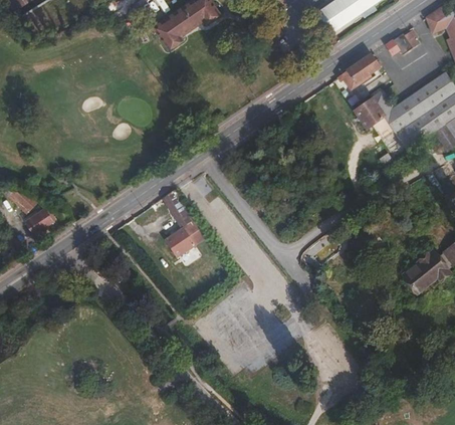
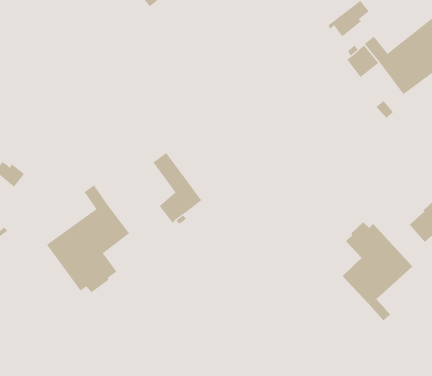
building: [24,205,53,234] -> none
building: none -> [46,185,131,293]
building: none -> [341,222,413,321]

